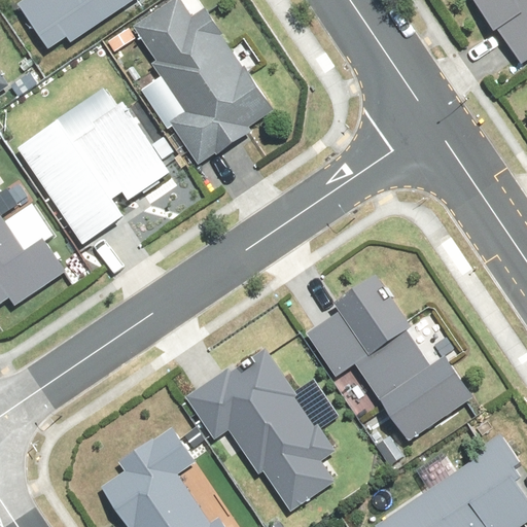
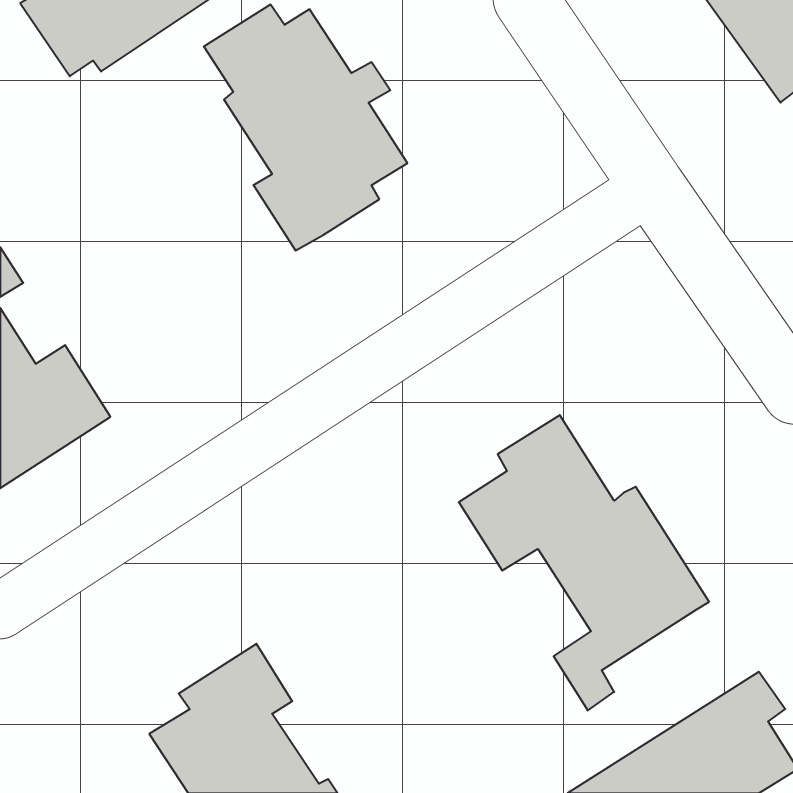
building: [6,91,181,259] -> none
building: [185,348,332,515] -> none

